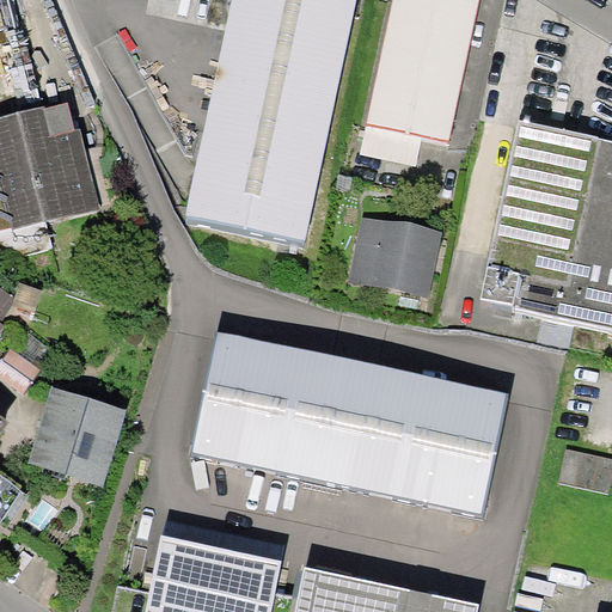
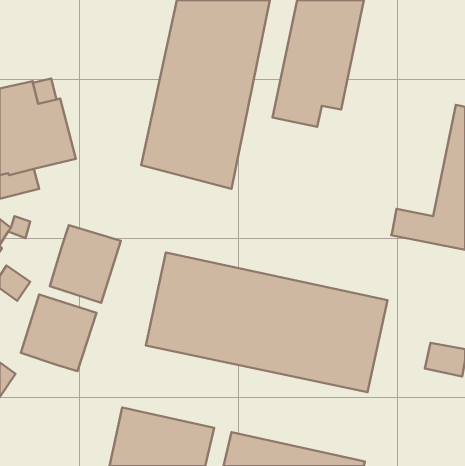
building: [482,121,598,305] -> none
building: [348,216,441,298] -> none
building: none -> [50,225,121,303]

